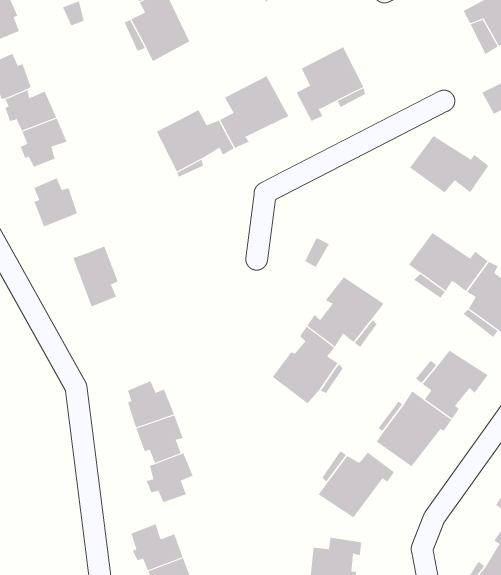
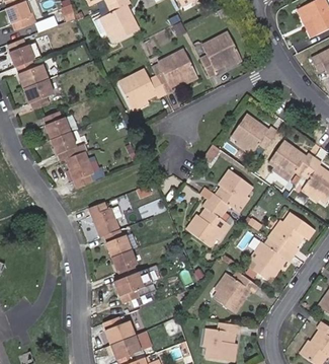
building: [409,135,489,193] -> [227,116,274,150]
building: none -> [50,131,76,160]
building: none -> [84,205,113,237]

